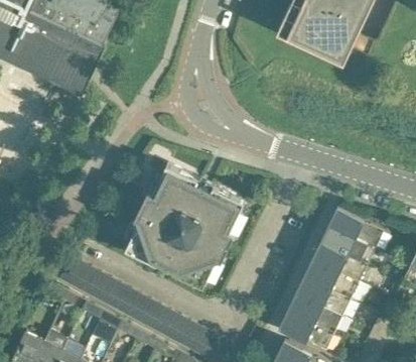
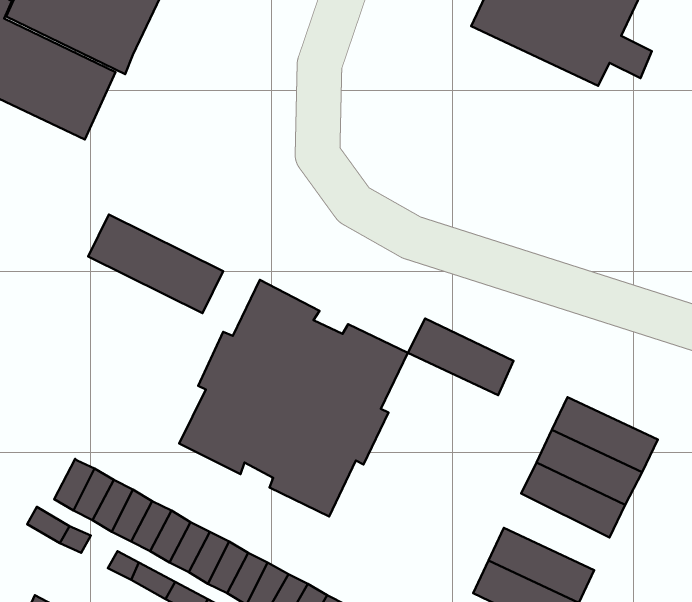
building: none -> [88,215,223,313]
building: [327,207,383,247] -> [408,318,514,395]
building: [294,275,350,316] -> none

